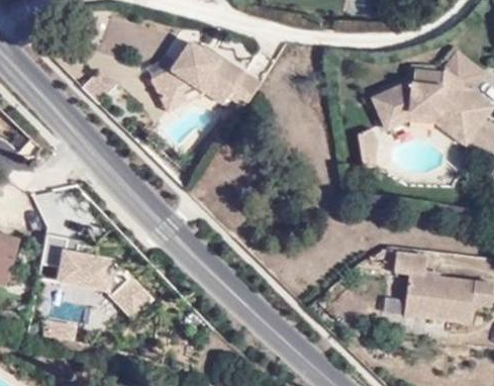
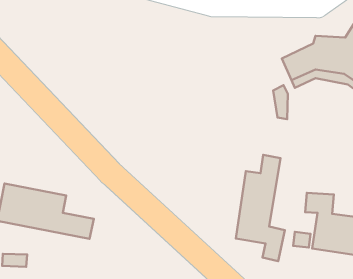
building: [147,31,262,106] -> none
building: none -> [236,155,285,261]

